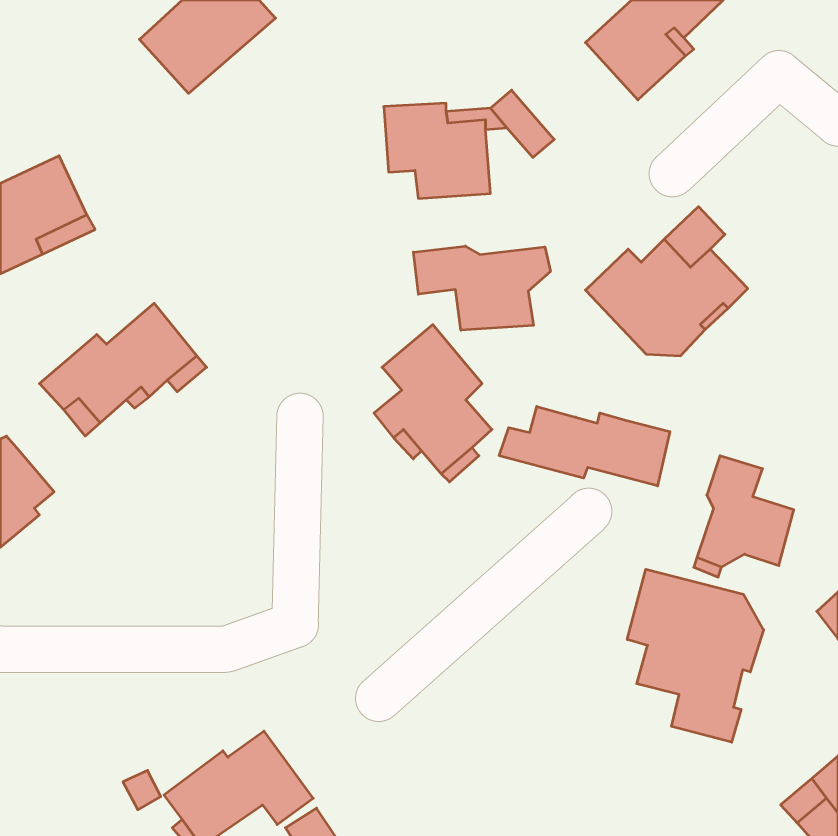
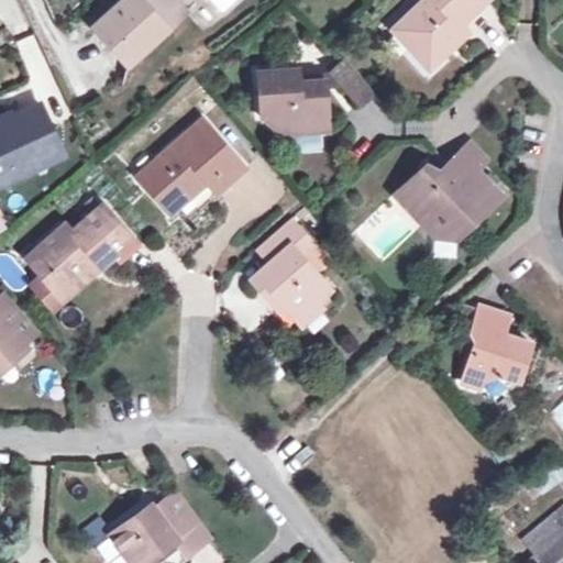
building: none -> [135,119,244,214]
building: [413,246,550,330] -> none
building: [499,406,670,486] -> none
building: [627,569,764,742] -> none

